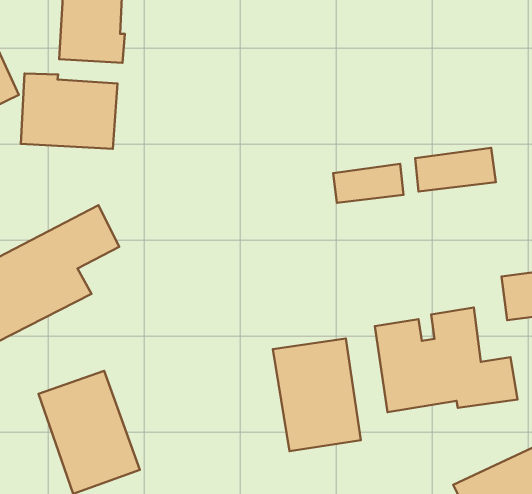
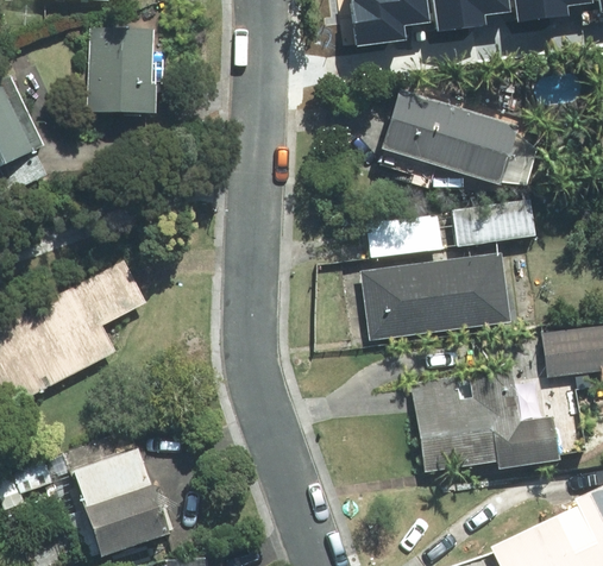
building: none -> [377,87,515,183]
building: [21,74,118,149] -> none
building: none -> [360,251,511,340]
building: [273,338,361,451] -> none

